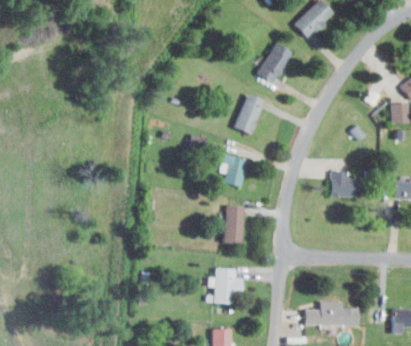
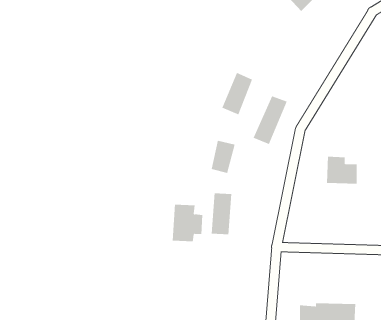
building: [257,43,293,83] -> none
building: none -> [253,95,288,145]
building: [214,268,243,303] -> [172,204,203,242]

